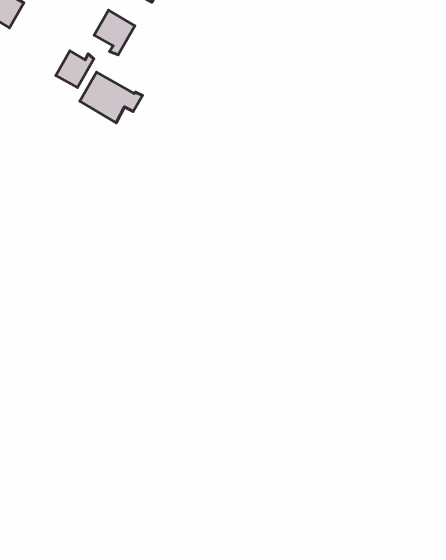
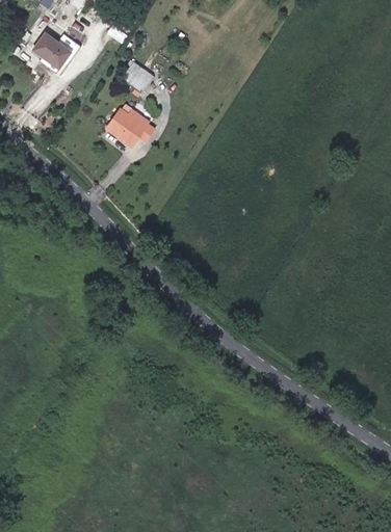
building: [56,51,94,87] -> none

